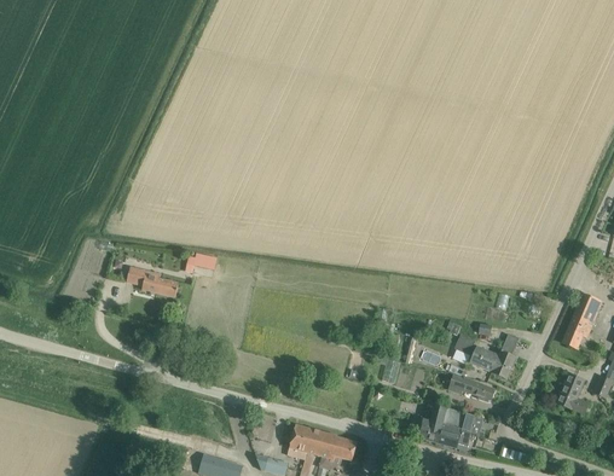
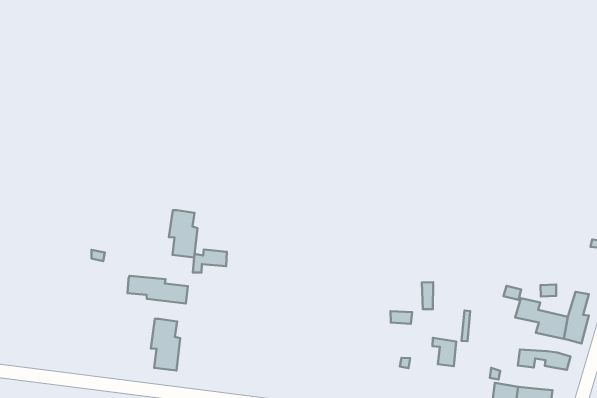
building: none -> [169,210,197,257]
building: none -> [151,319,180,370]

